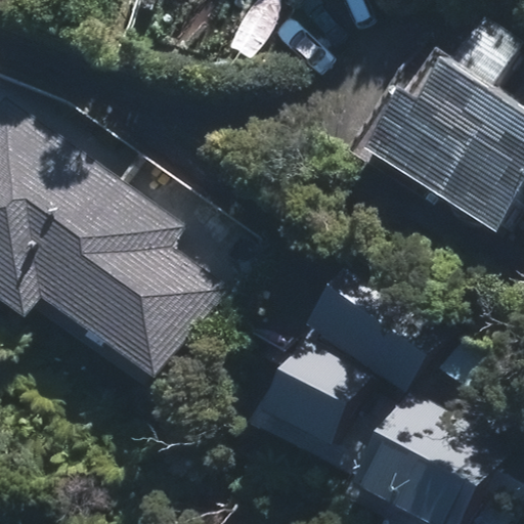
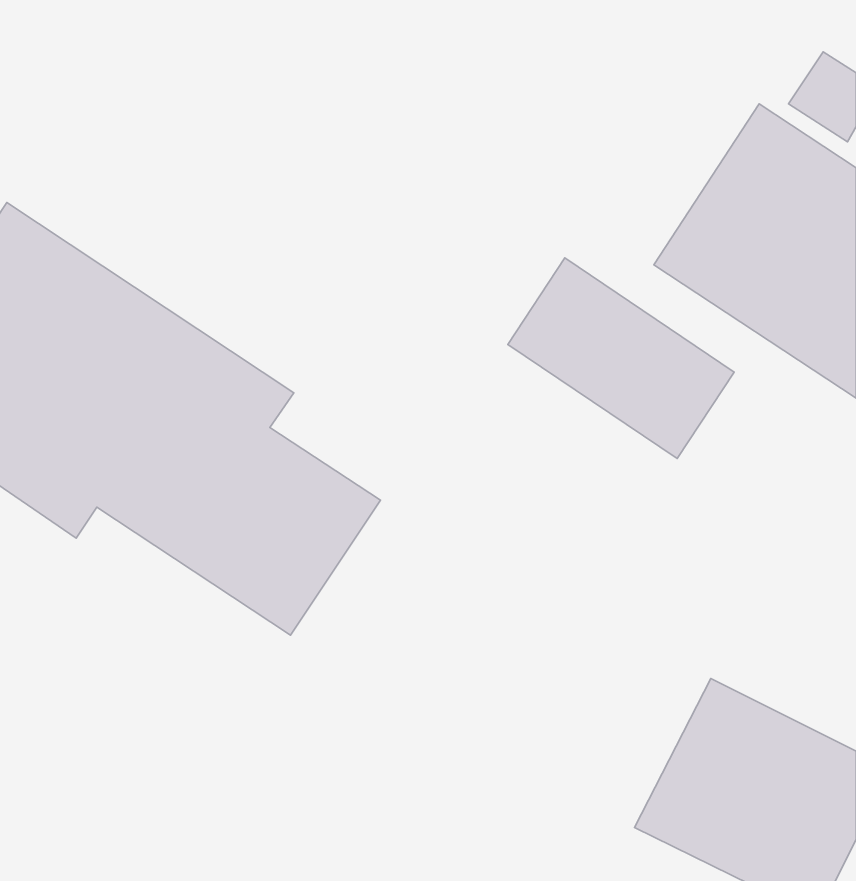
building: [314,276,448,395] -> [508,258,734,459]
building: [271,350,376,454] -> none

